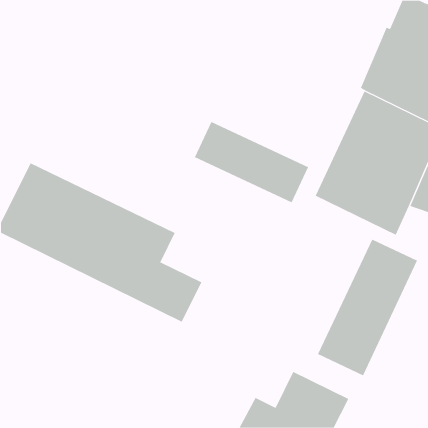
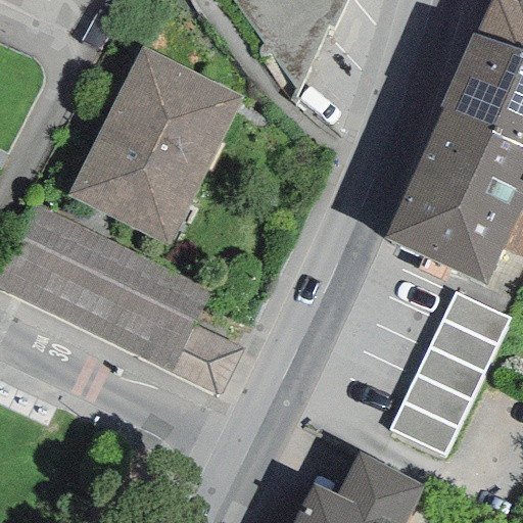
building: none -> [70,43,247,245]
building: [194,121,309,203] -> none

